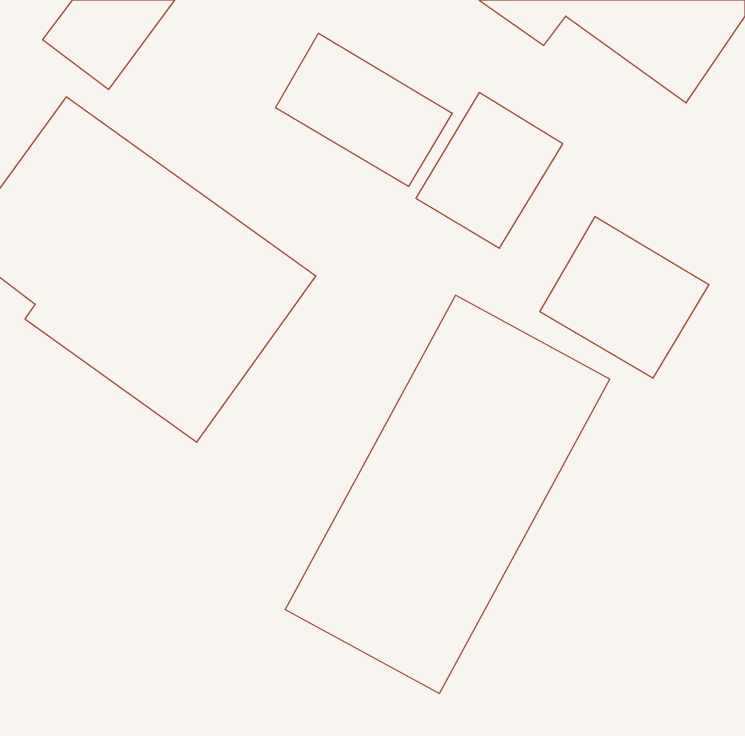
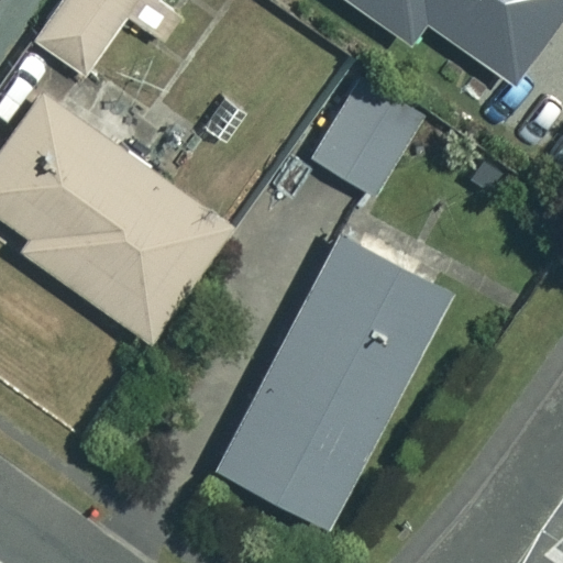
building: [276,33,452,186] -> none
building: [540,217,709,378] -> none

